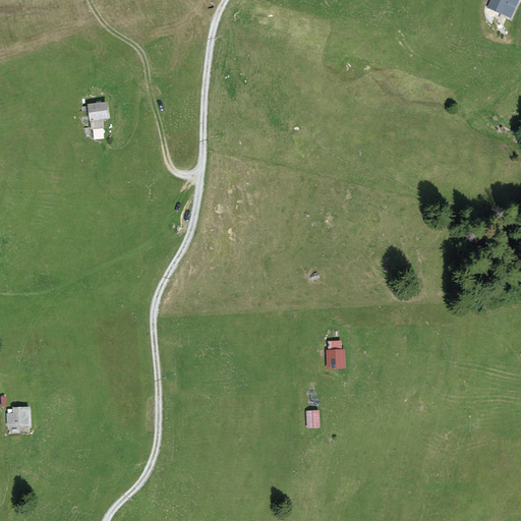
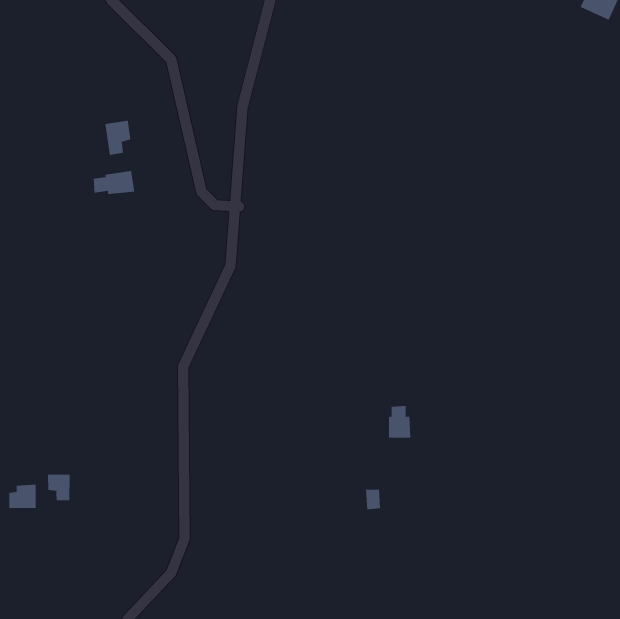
building: none -> [93,170,135,195]
building: none -> [47,474,70,501]

